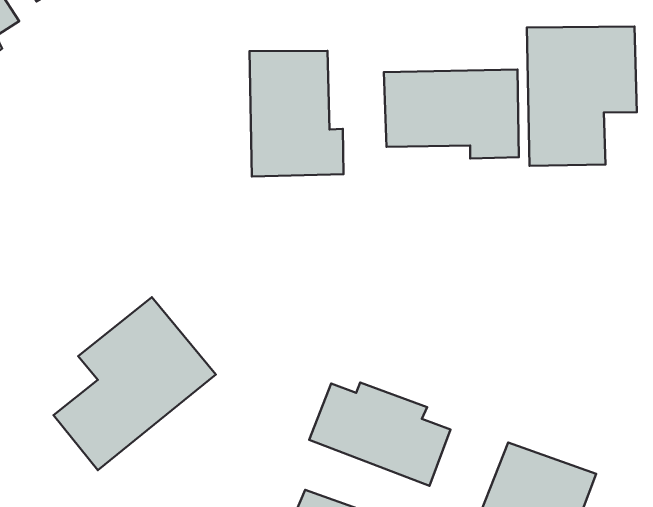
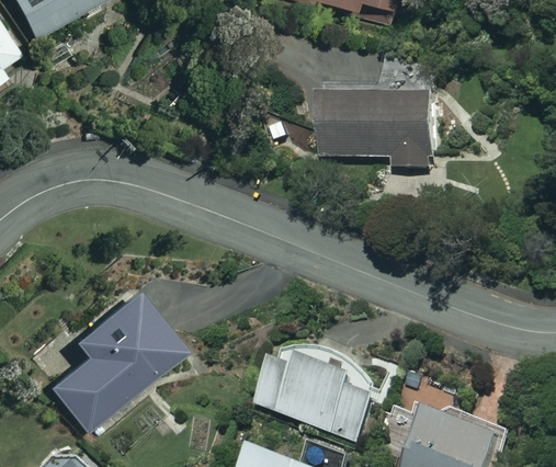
building: [527,26,637,166] -> none
building: [250,51,344,176] -> none

